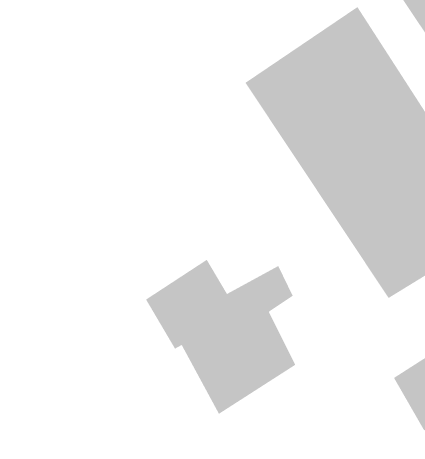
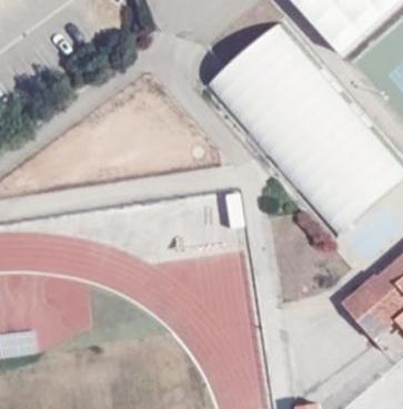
building: [145,259,296,415] -> none

